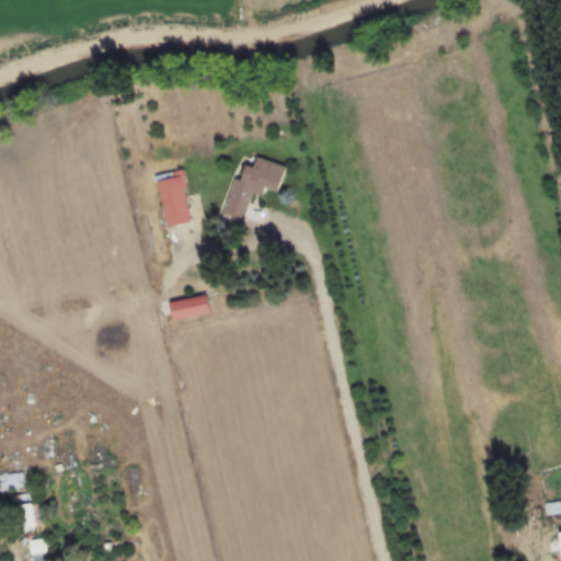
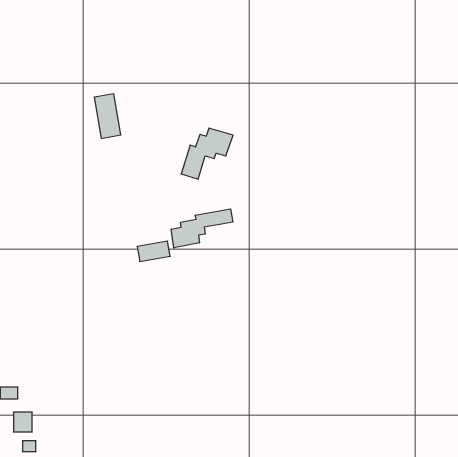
building: [157,172,190,227] -> [94,94,121,138]
building: none -> [171,209,233,248]

